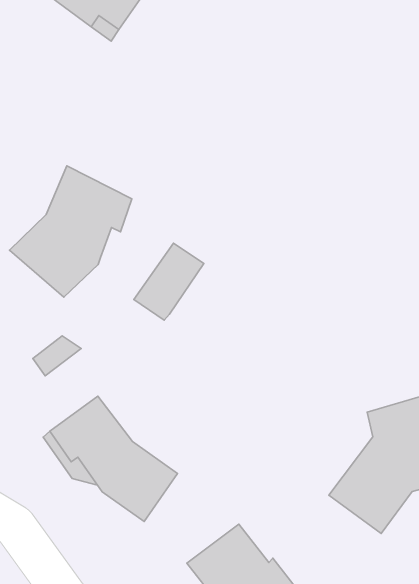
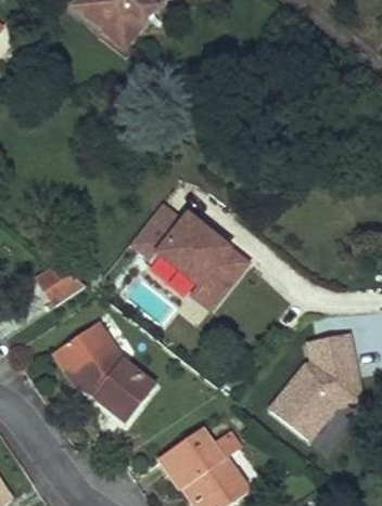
building: [10,166,132,297] -> none
building: none -> [156,220,244,304]

